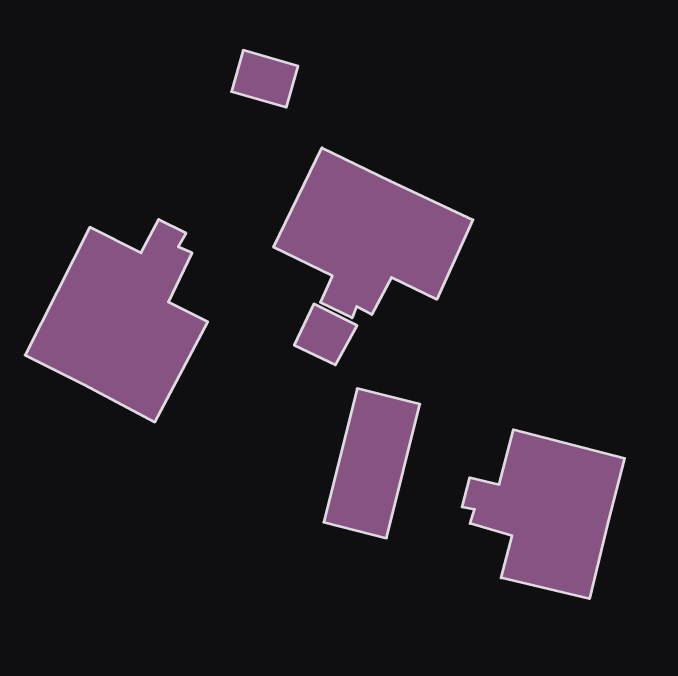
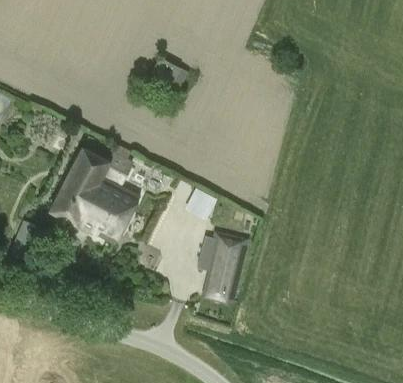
building: [274,148,473,318] -> none
building: [462,430,625,599] -> none

